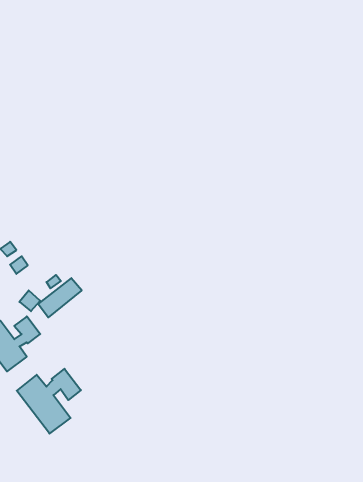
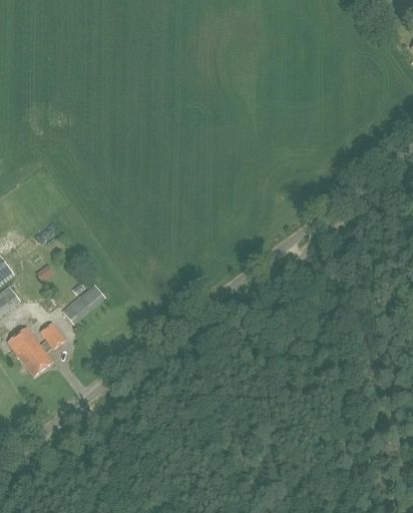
building: [17,369,81,434] -> none

